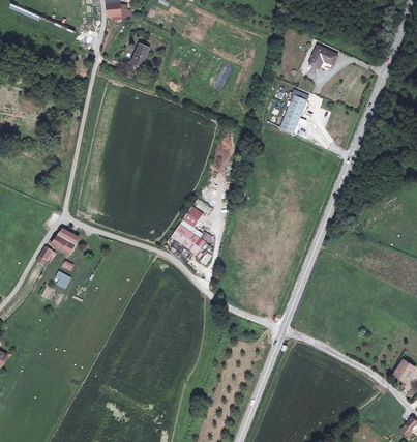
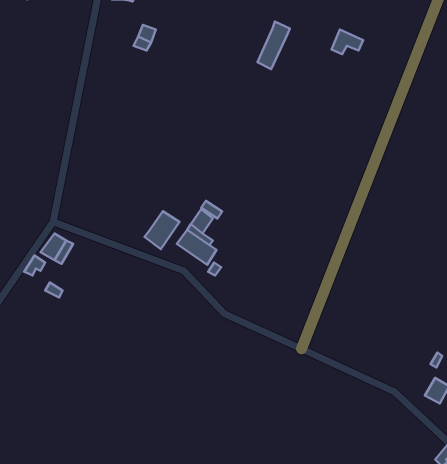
building: [279,90,308,132] -> [257,21,290,69]
building: none -> [145,211,180,249]

